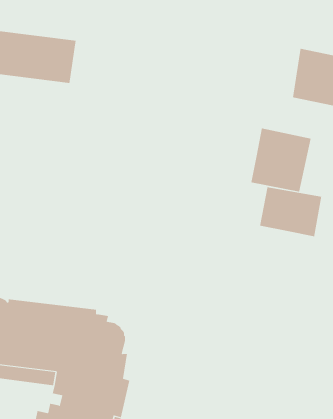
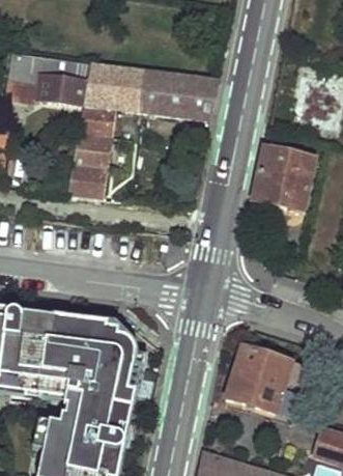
building: none -> [67,63,220,199]
building: [259,187,322,237] -> none
building: none -> [229,347,311,417]

